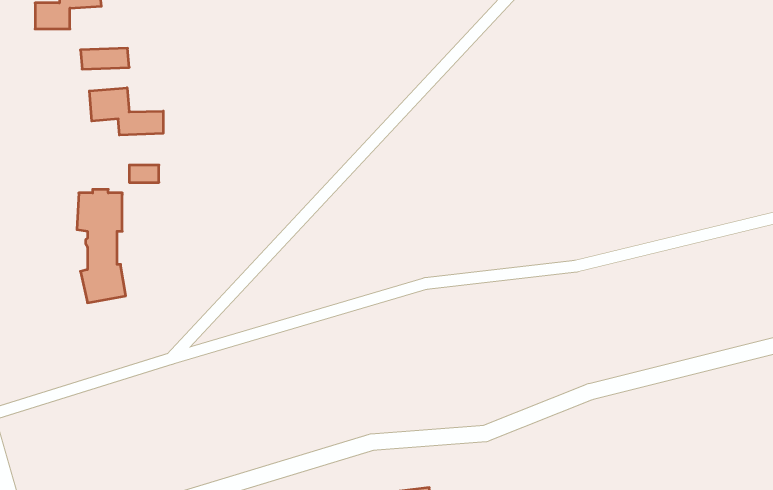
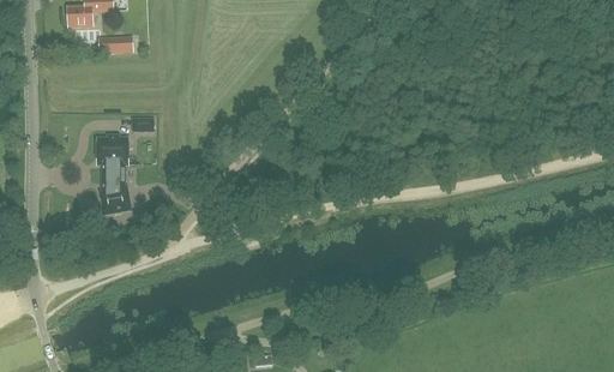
building: [89,88,163,135] -> none

